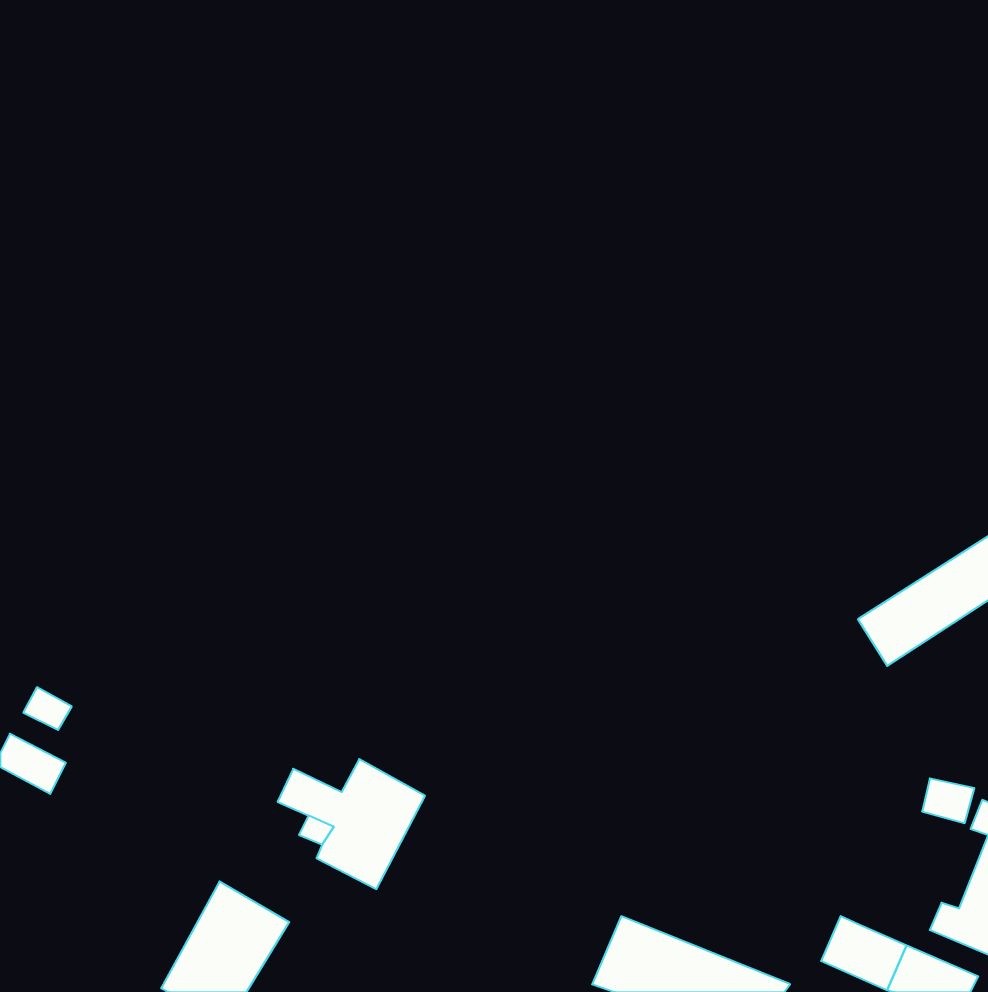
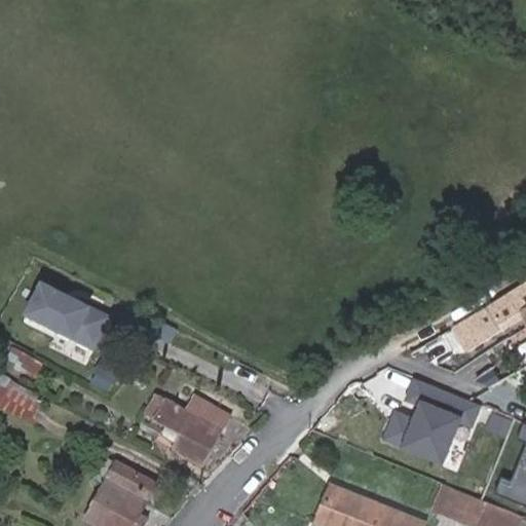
building: none -> [27,277,109,342]
building: none -> [380,378,479,463]

